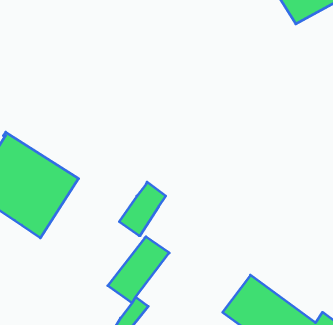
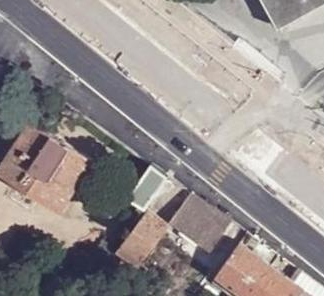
building: none -> [168,198,228,253]

